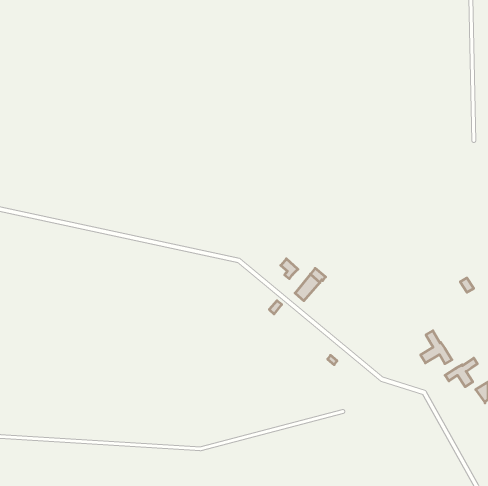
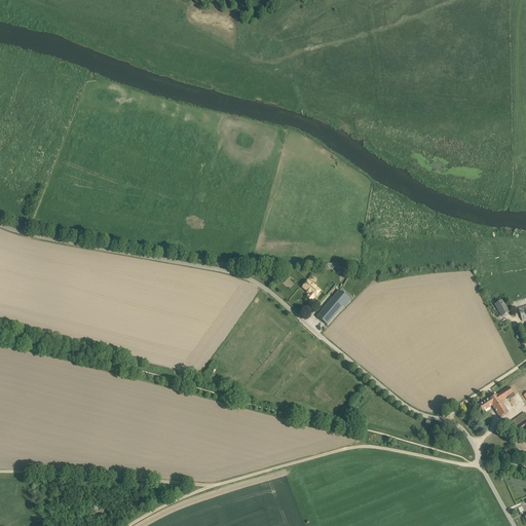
building: [421,331,452,364] -> none

